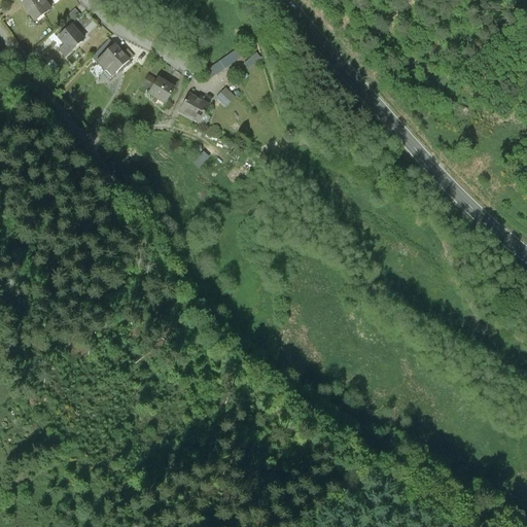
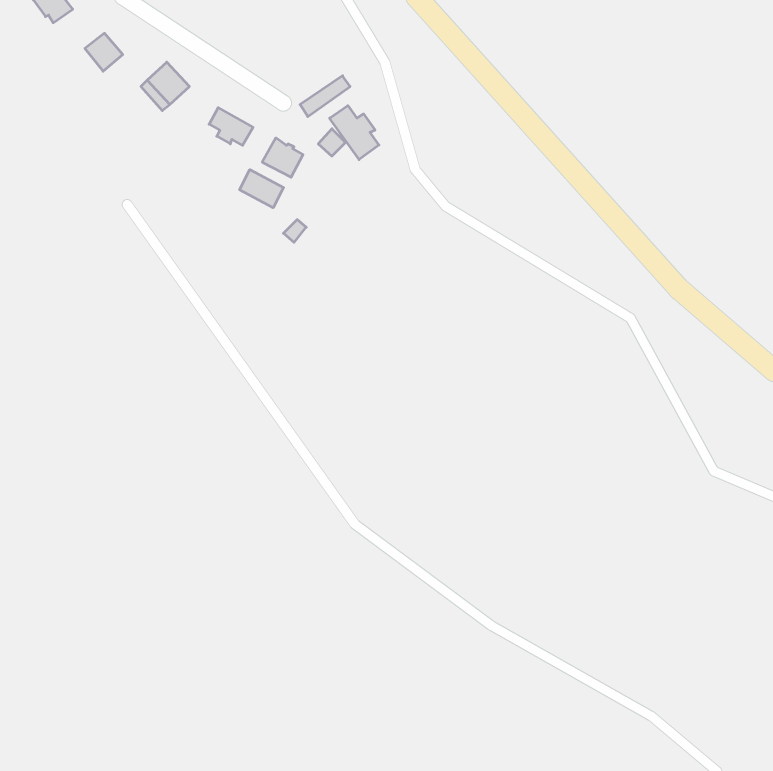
building: none -> [330,106,379,160]
building: none -> [240,170,284,208]

